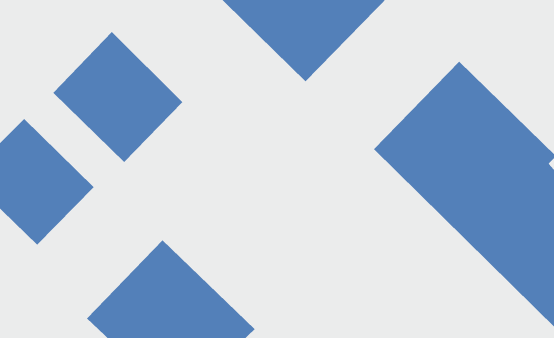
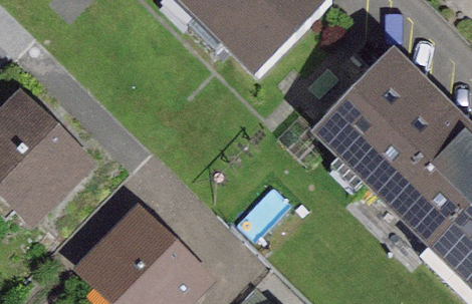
building: [53,31,183,163] -> none

